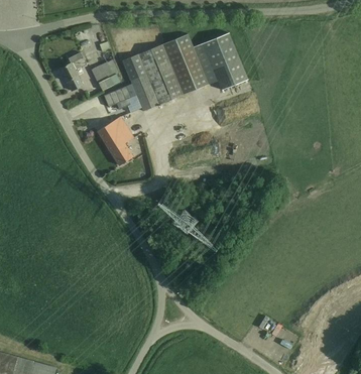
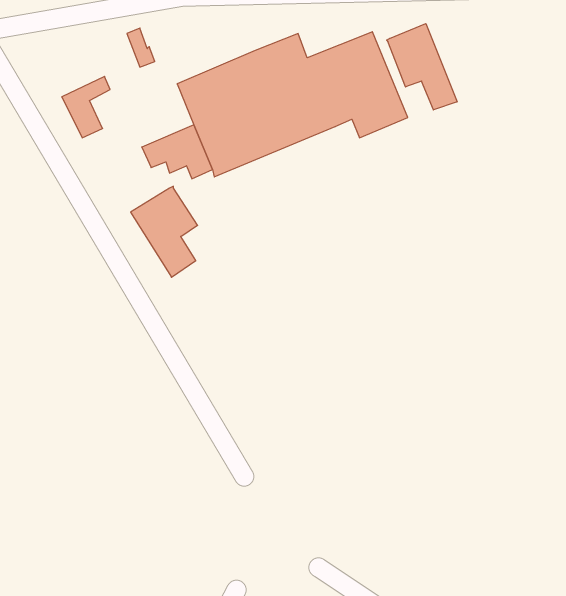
building: none -> [387,24,457,110]
building: [91,59,119,90] -> none

